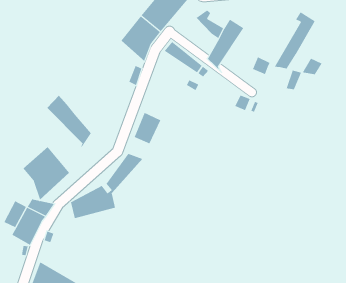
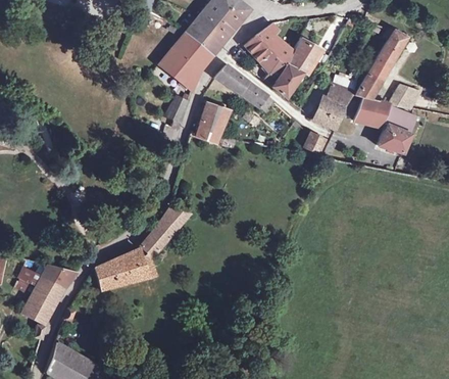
building: none -> [244,34,285,86]
building: none -> [314,97,345,128]
building: none -> [354,97,379,124]
building: none -> [379,113,410,152]
building: [46,95,92,150] -> none
building: [134,112,161,144] -> [195,102,230,143]
building: [22,146,70,201] -> none

